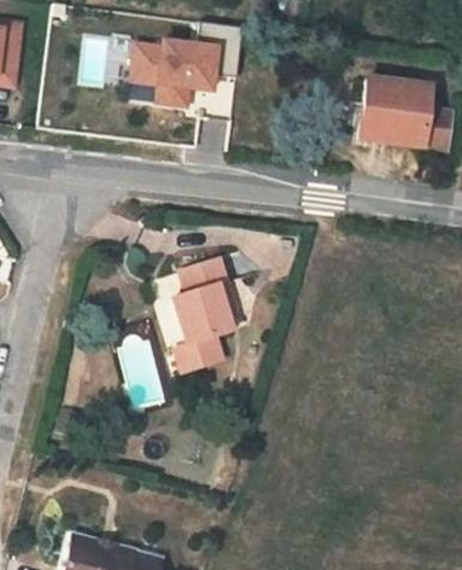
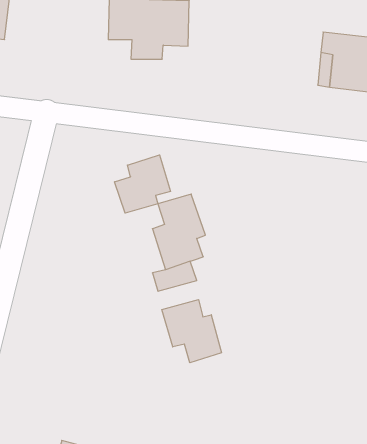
building: none -> [115,155,170,213]
building: none -> [162,300,221,363]

